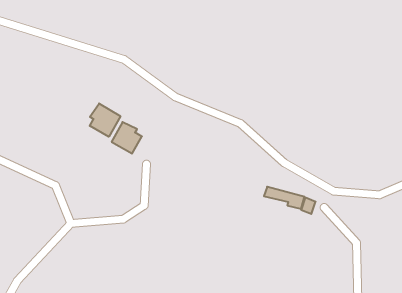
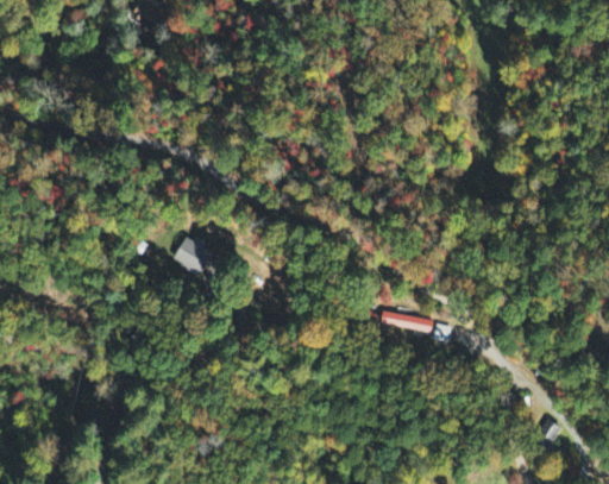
building: [90,103,120,137] -> none

